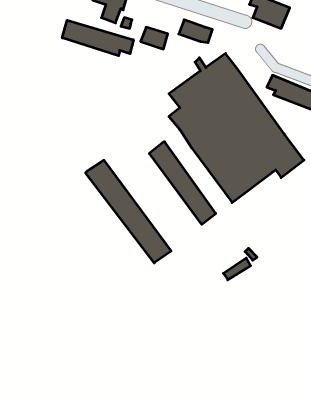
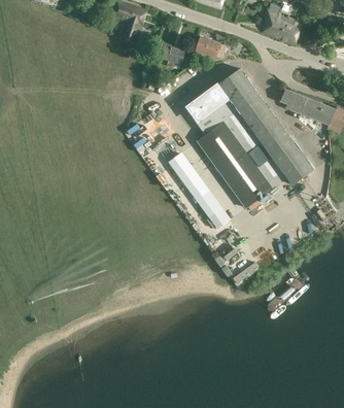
building: [62,20,133,56] -> none
building: [86,160,171,263] -> none

